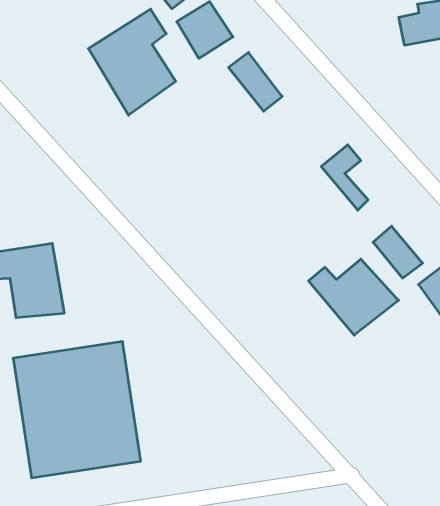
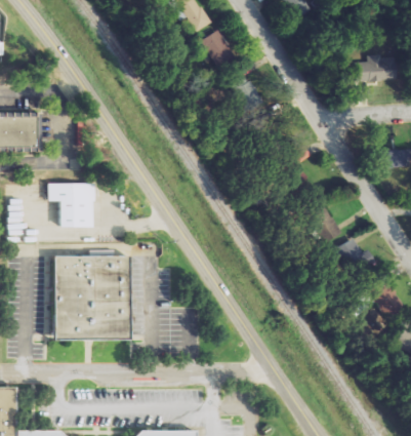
building: [88,9,176,115] -> none
building: [309,259,399,335] -> none

